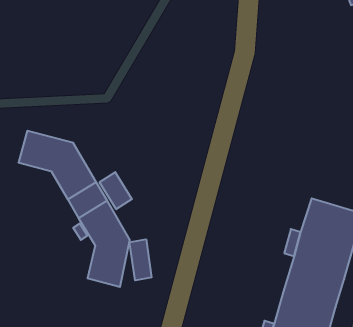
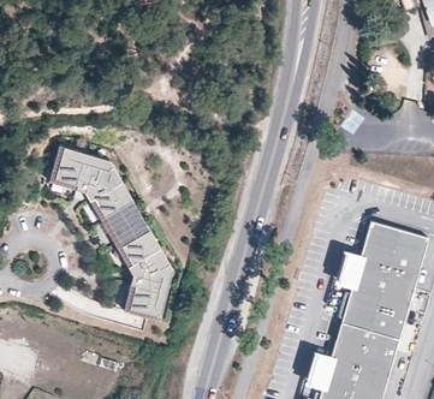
building: [100,172,132,209] -> none
building: [130,239,152,280] -> none

